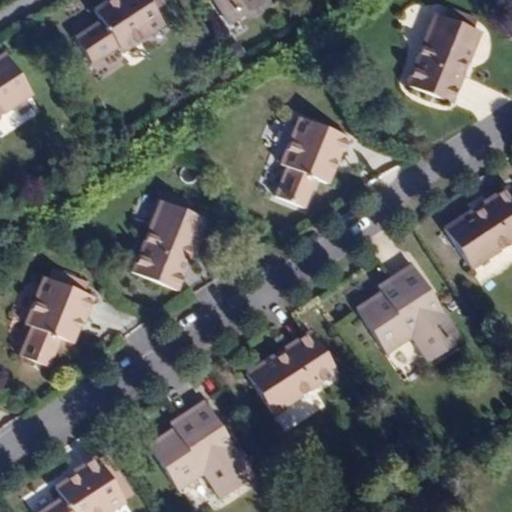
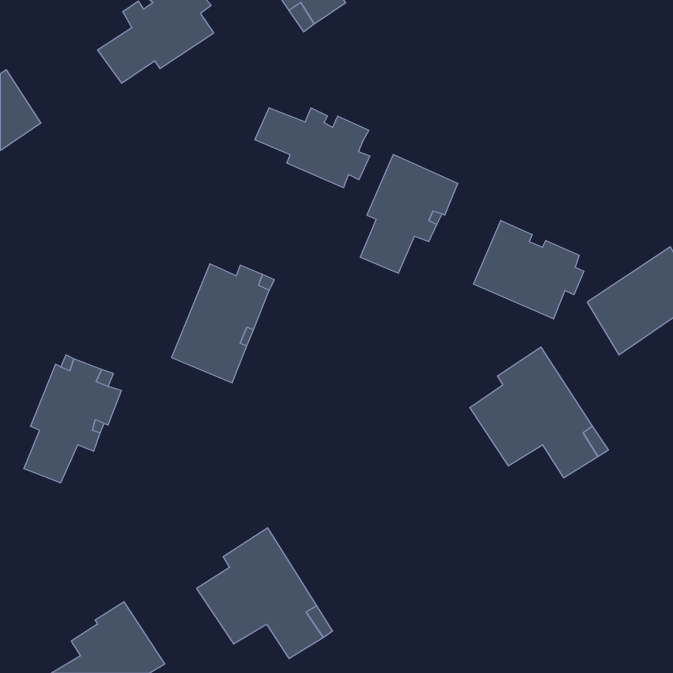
building: [405,6,480,103] -> none
building: none -> [255,108,370,188]
building: none -> [473,220,584,319]
building: [248,332,337,413] -> none

